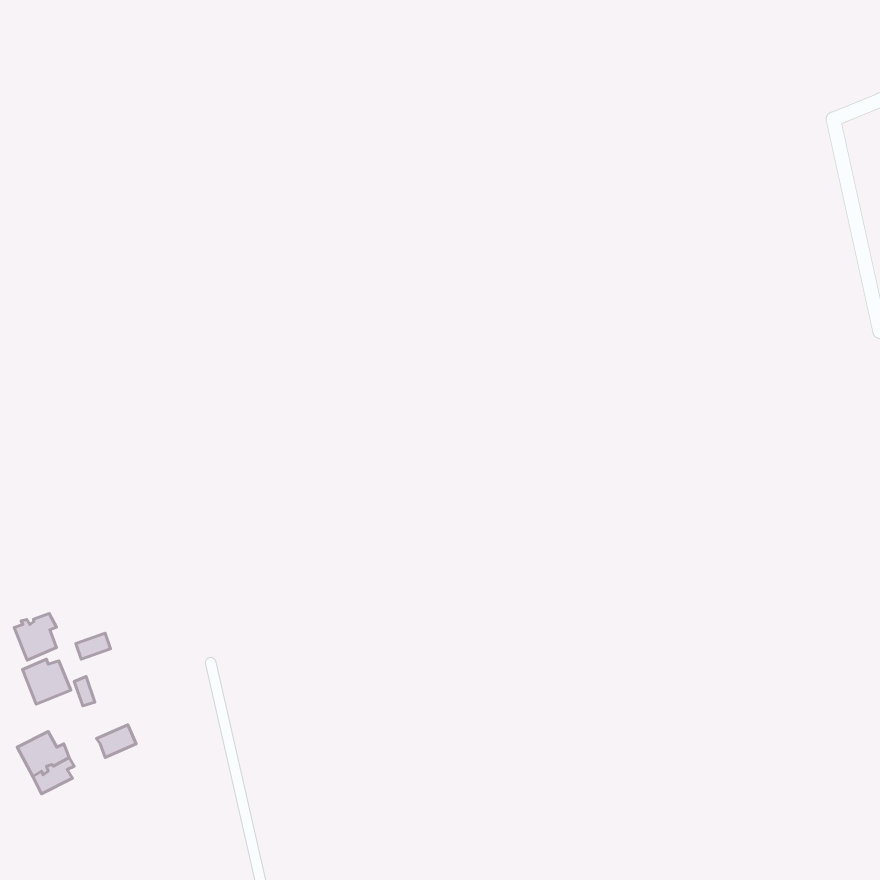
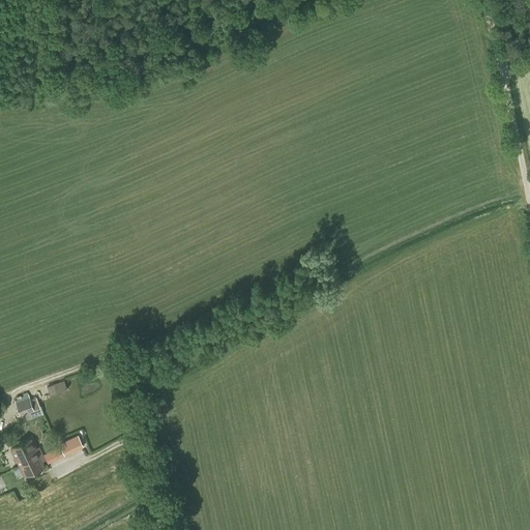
building: [14,613,57,660] -> none

